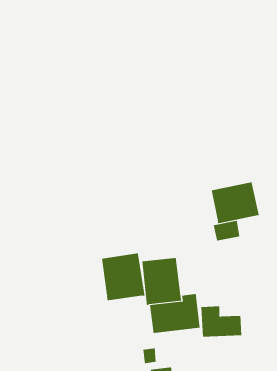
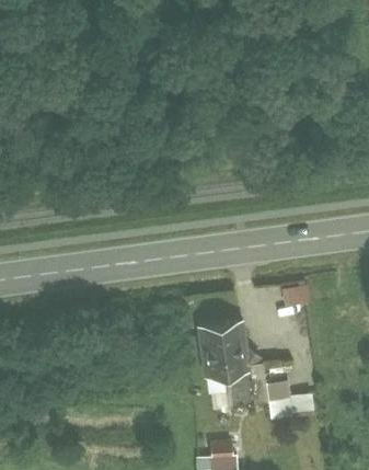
building: [211,181,260,224] -> none
building: [101,252,145,301] -> none

